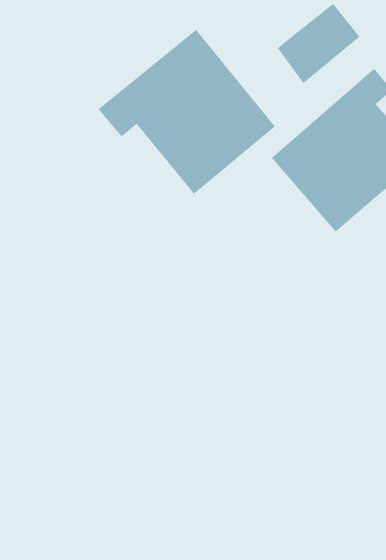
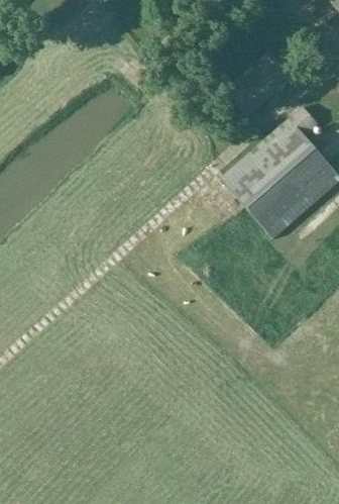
building: [98,29,276,195] -> none

